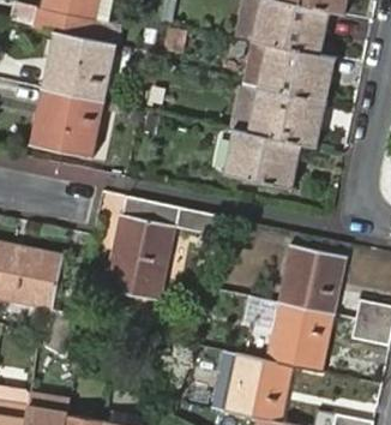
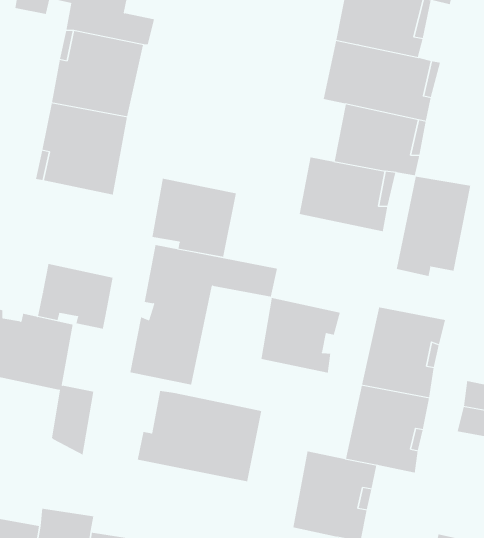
building: none -> [396,176,471,277]
building: none -> [152,178,236,258]
building: none -> [38,263,113,330]
building: none -> [261,297,340,374]
building: none -> [137,390,262,482]

